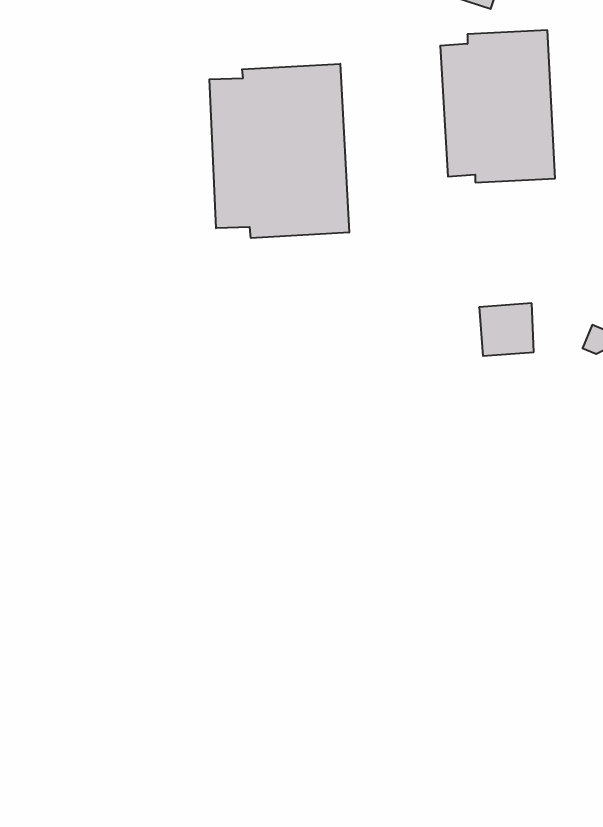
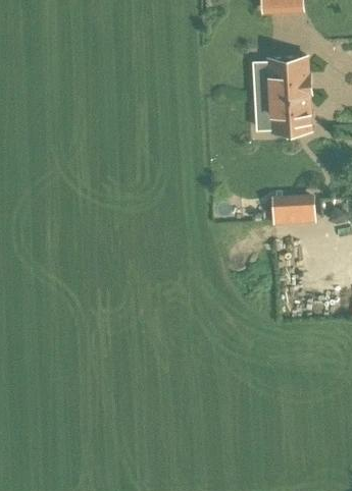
building: [209,64,349,238] -> none

